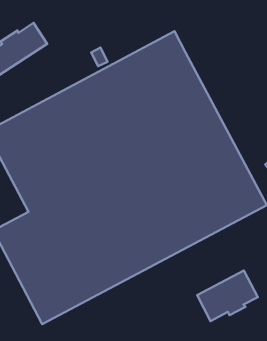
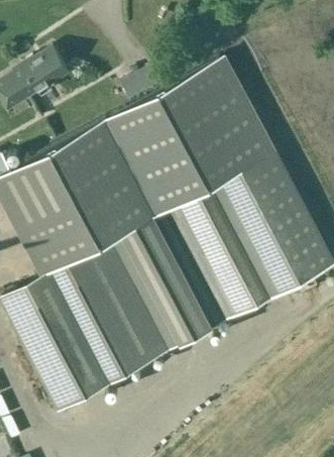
building: [197,270,258,321] -> none

